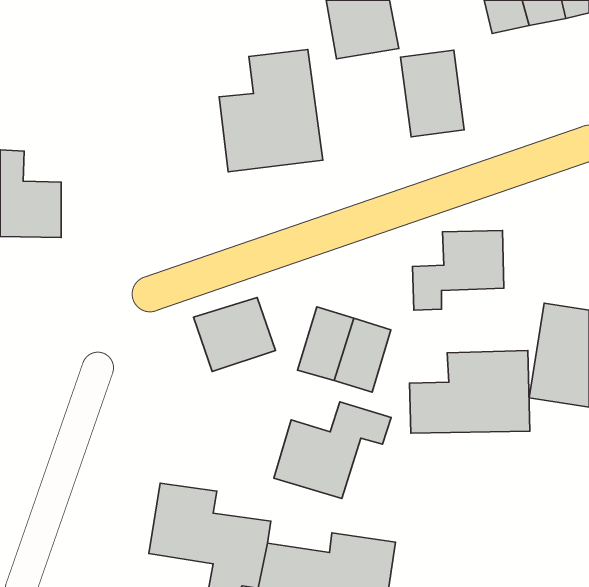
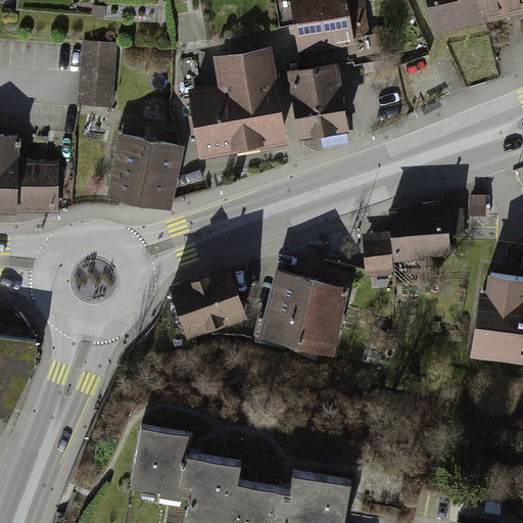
building: none -> [80,44,120,105]
building: [401,50,464,137] -> [290,63,346,140]
building: none -> [108,133,183,206]
building: [409,351,530,433] -> none
building: [274,402,391,498] -> none

